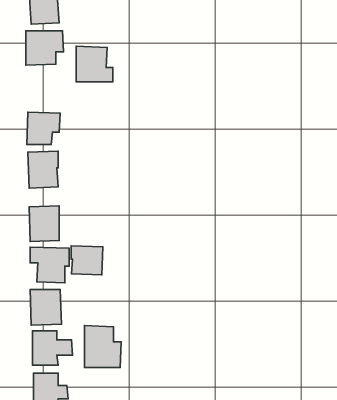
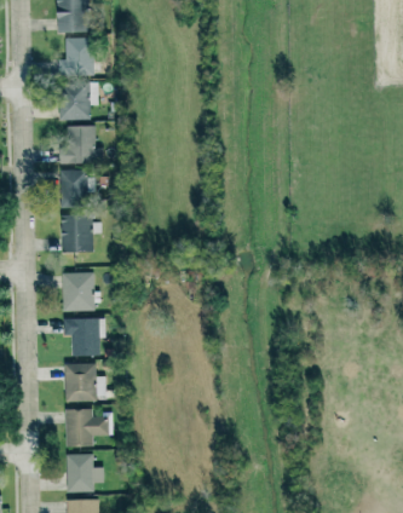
building: [76,46,113,82] -> [62,125,102,163]
building: [71,246,103,275] -> none
building: [85,325,121,367] -> none

